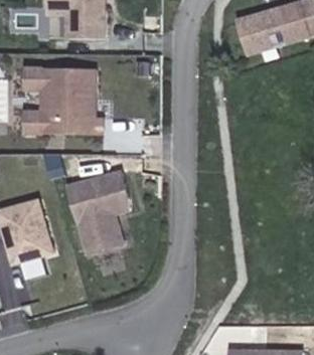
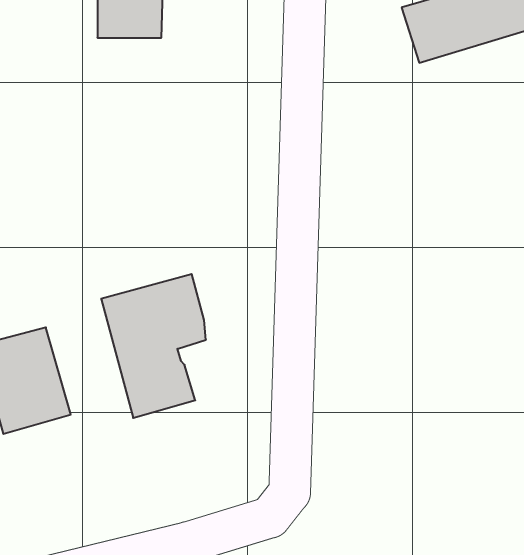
building: [25,66,100,133] -> none

